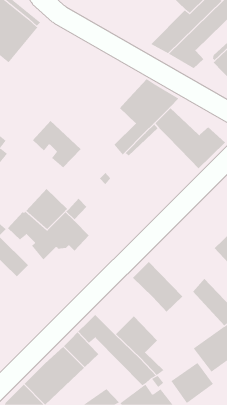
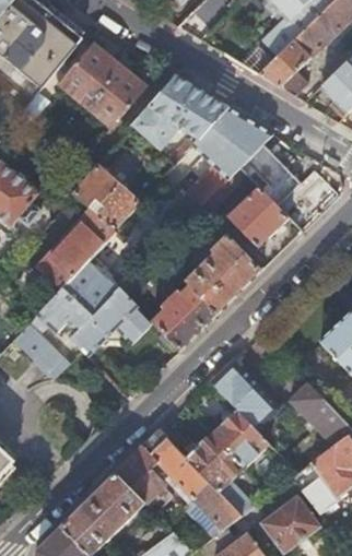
building: none -> [59,45,143,127]
building: none -> [131,76,228,150]
building: none -> [226,188,288,249]
building: none -> [36,209,116,291]
building: none -> [151,236,260,350]
building: none -> [211,406,269,465]

